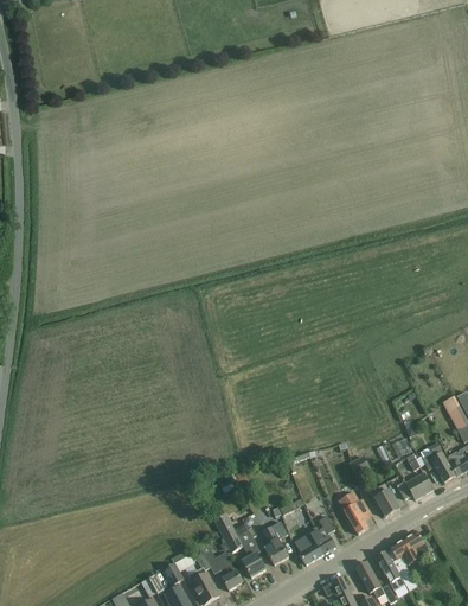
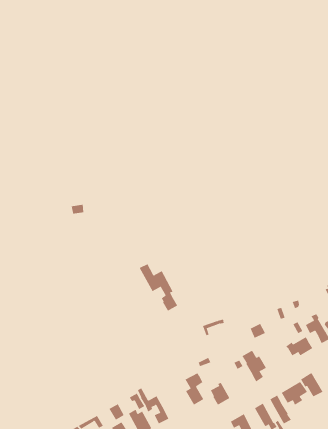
building: [370,483,400,516] -> [300,372,324,397]
building: [214,513,267,578] -> [139,263,178,312]
building: [310,515,336,555] -> none

